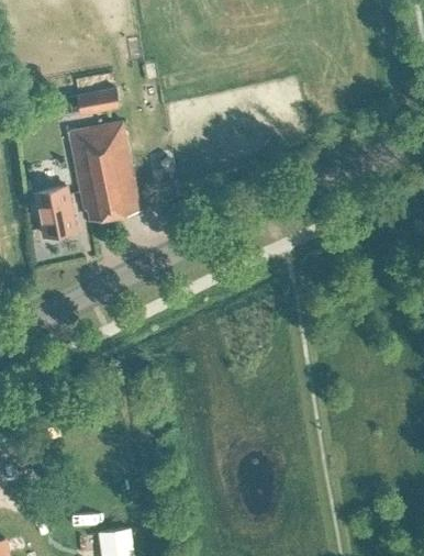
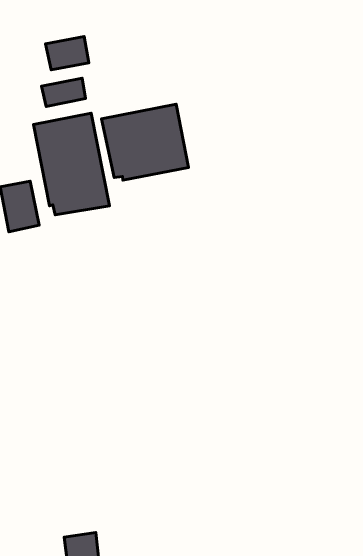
building: none -> [46,36,89,70]
building: none -> [102,104,188,180]

